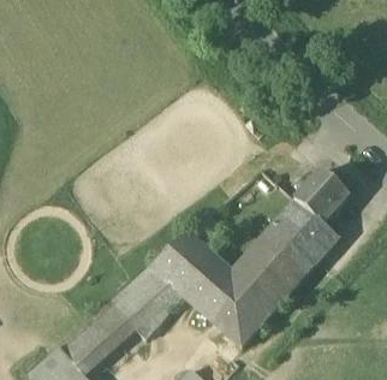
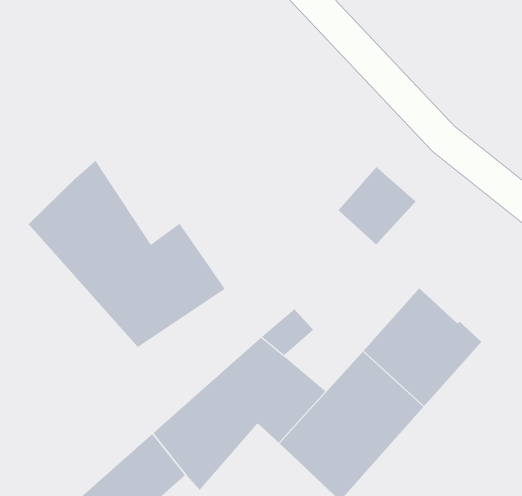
building: none -> [28,160,225,348]
building: [296,170,350,224] -> [338,166,417,245]

